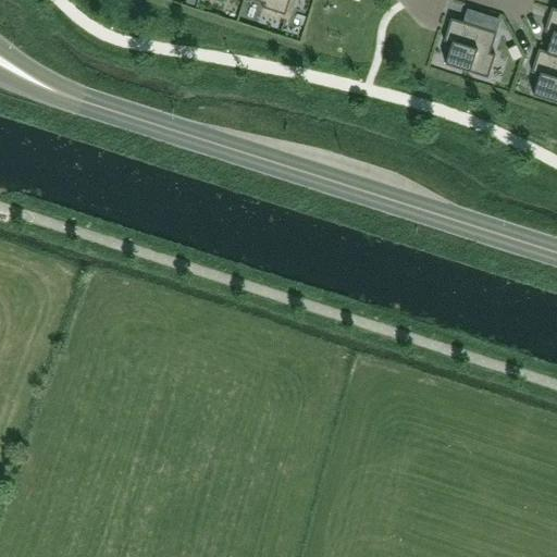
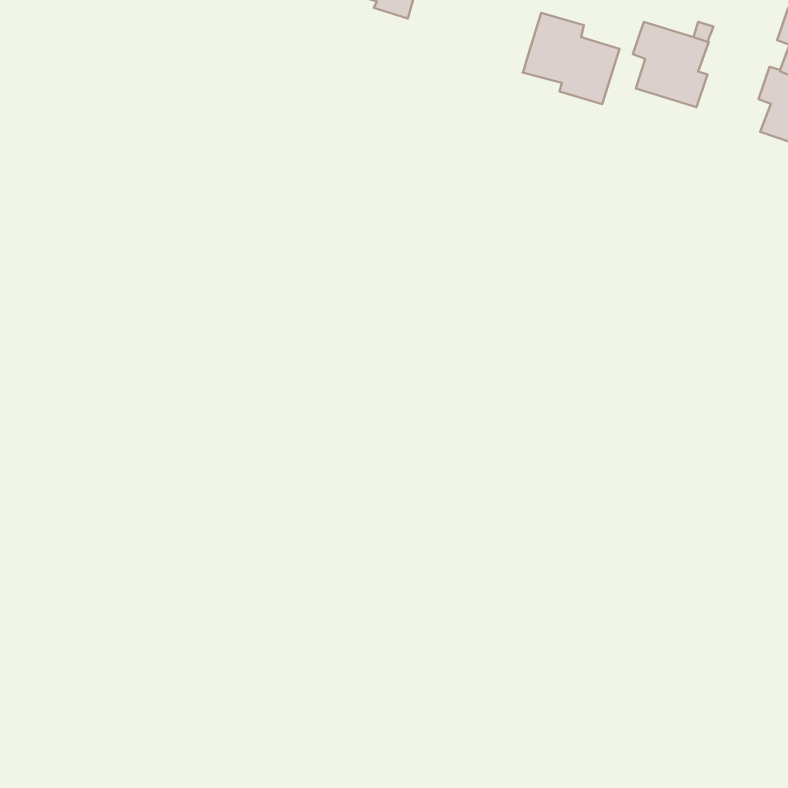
building: none -> [523,13,619,104]

